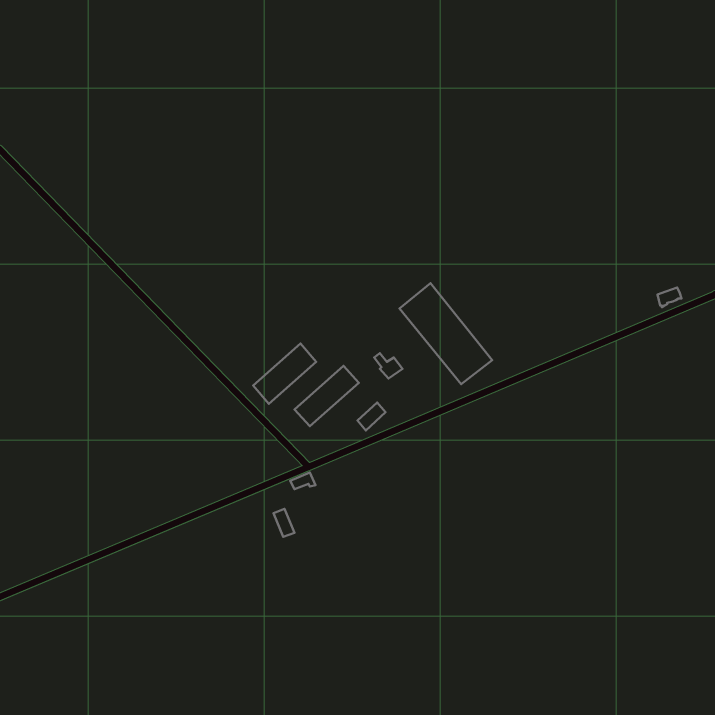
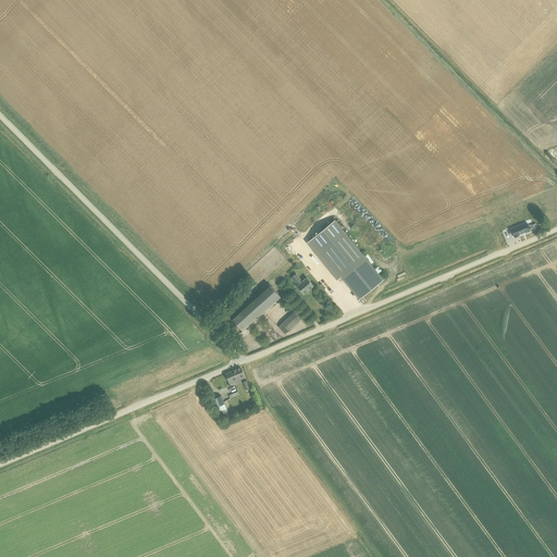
building: [253,344,316,404] -> none

